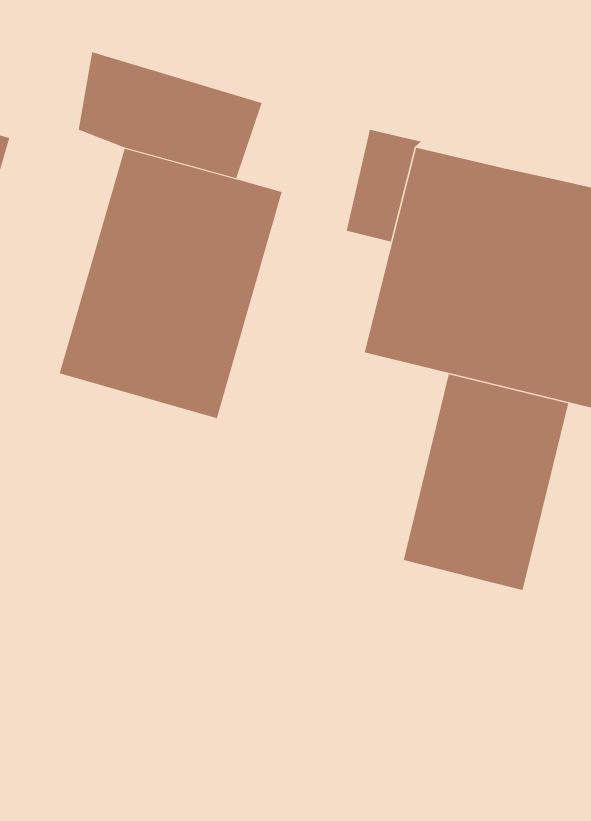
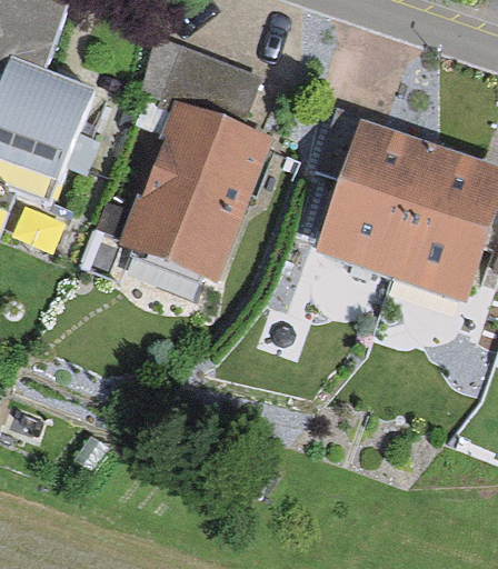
building: [403,373,569,591] -> none

